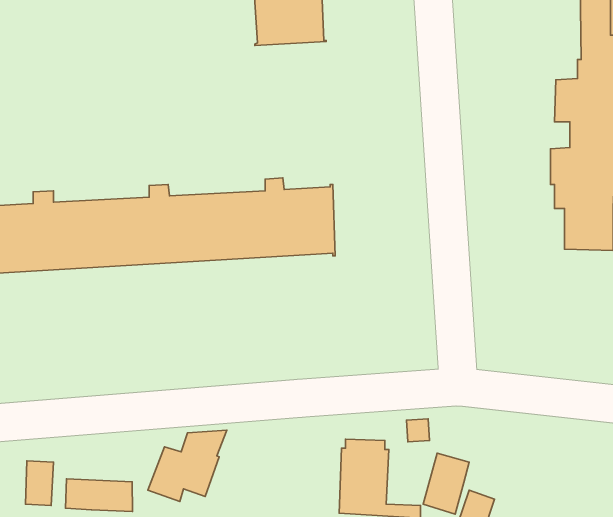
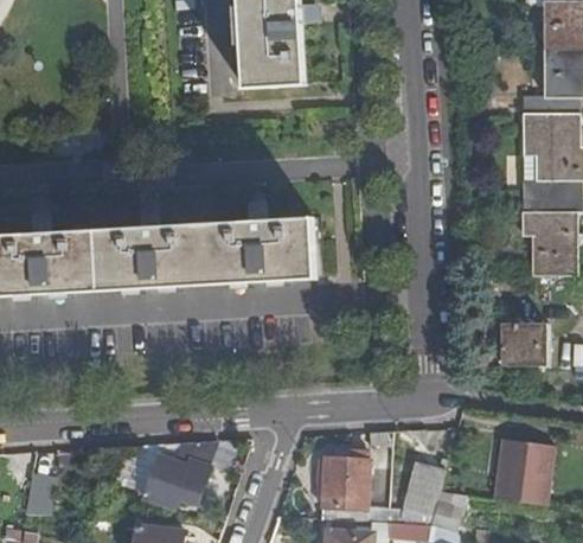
building: none -> [500,325,545,366]
building: none -> [494,442,555,505]
building: [65,479,132,512] -> none

